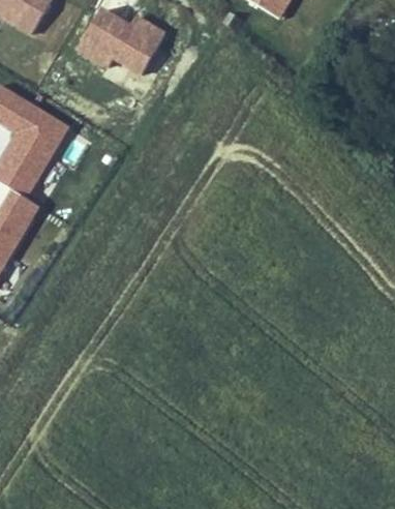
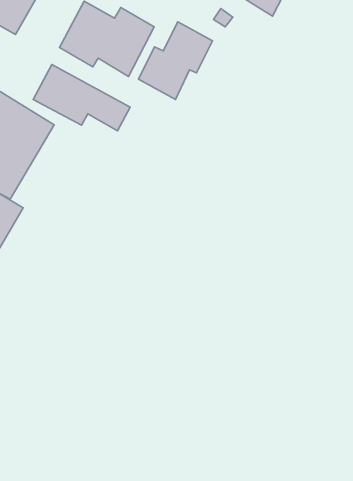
building: none -> [138,22,213,99]
building: none -> [33,65,130,131]

